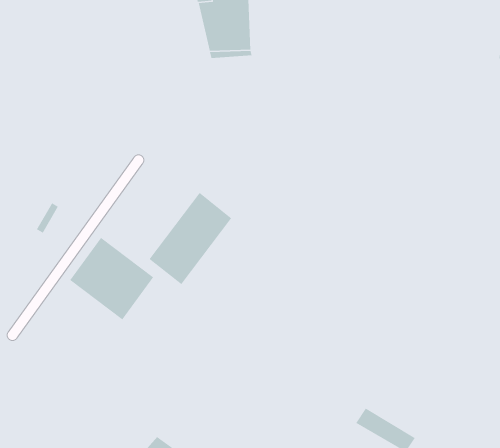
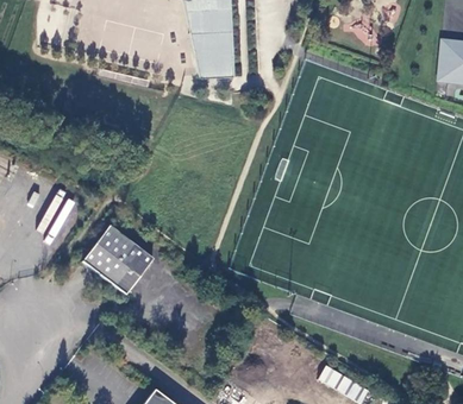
building: [149,192,232,285] -> none

